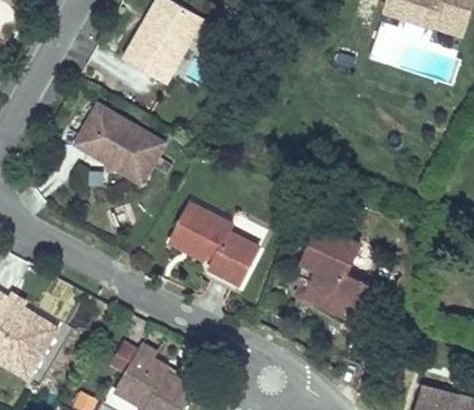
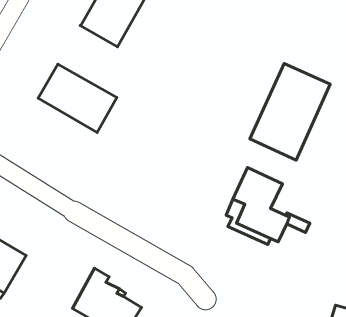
building: none -> [250,64,330,160]
building: [171,203,259,282] -> none

